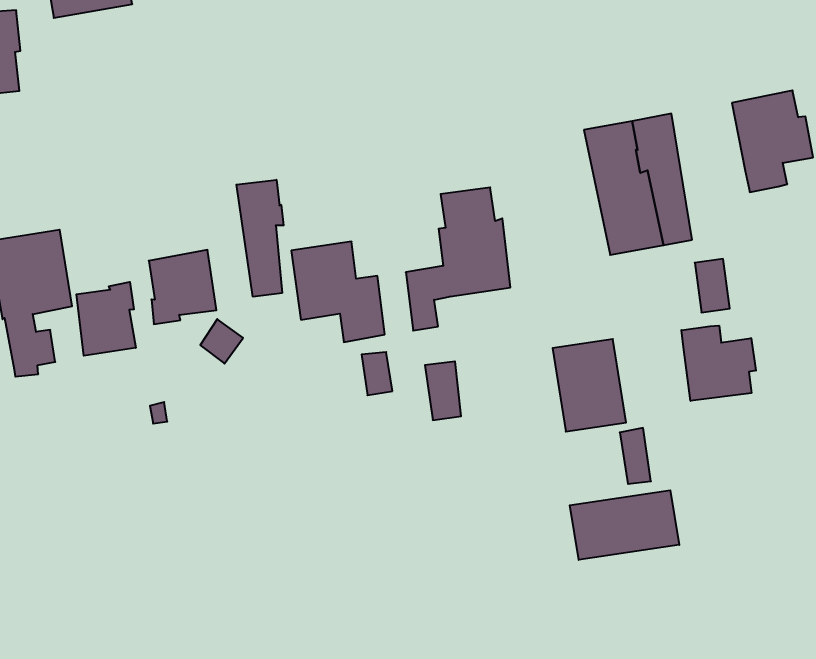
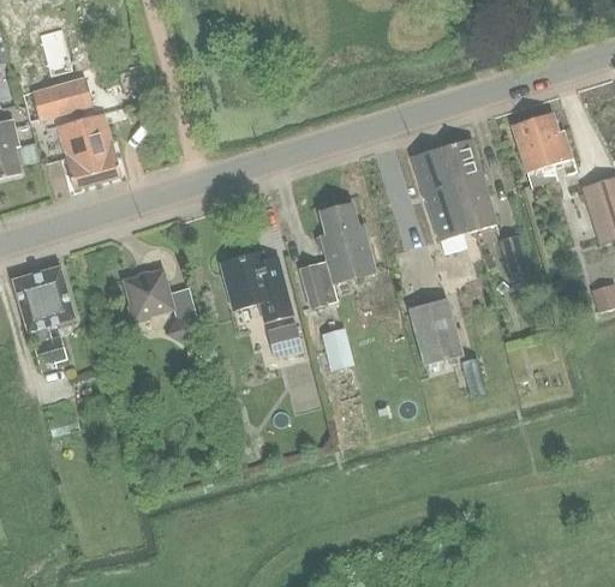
building: none -> [56,112,120,188]
building: [236,180,284,297] -> none
building: [76,282,136,356] -> none
building: [681,326,756,401] -> none
building: [570,490,679,560] -> none

